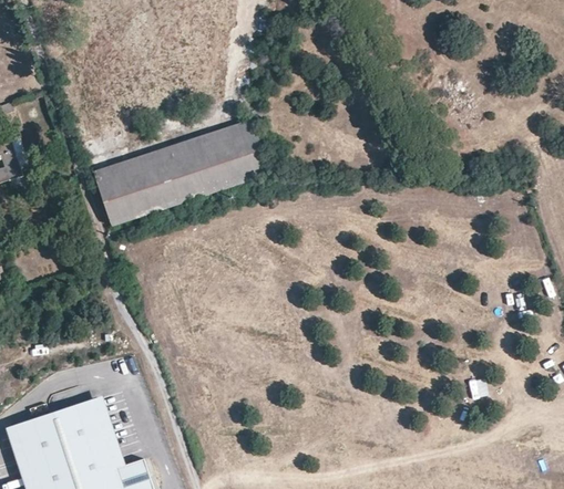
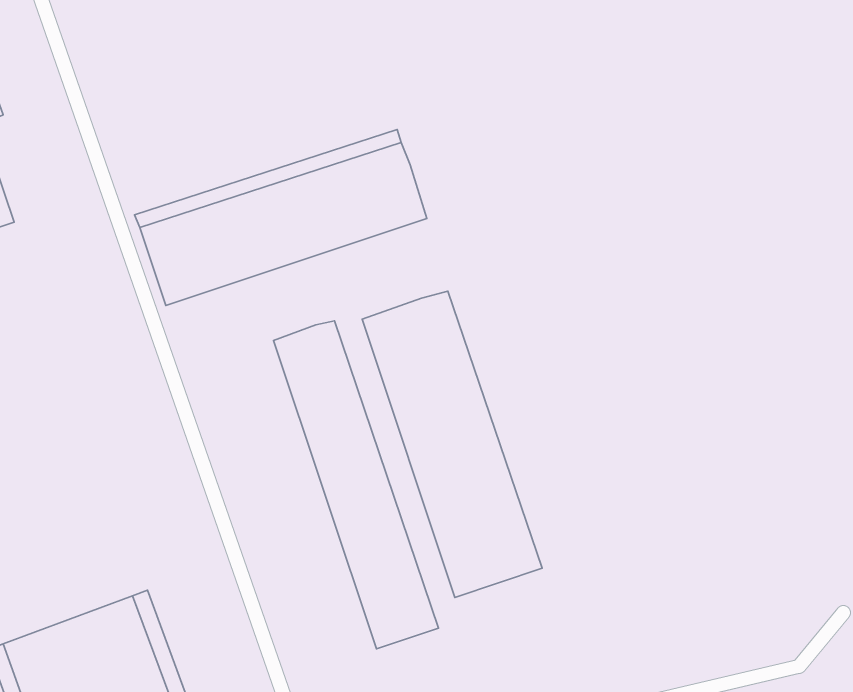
building: none -> [362,291,542,597]
building: none -> [274,321,438,649]

